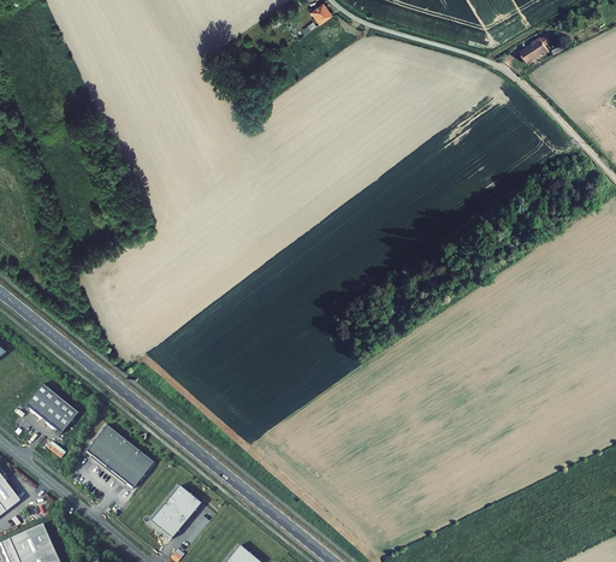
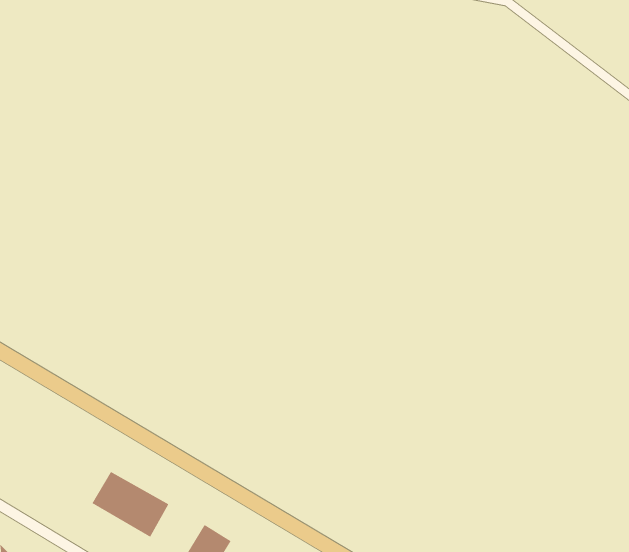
building: [25,383,77,431] -> none

